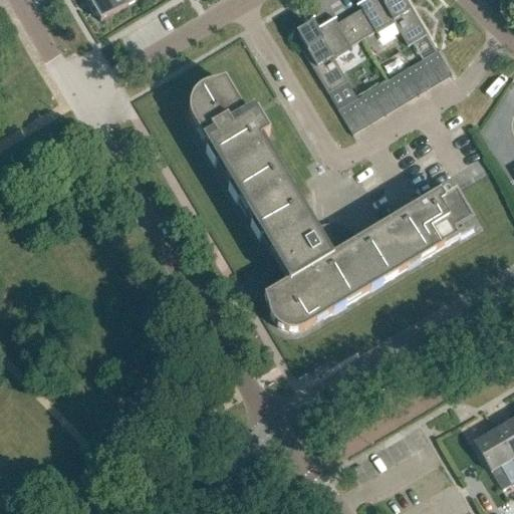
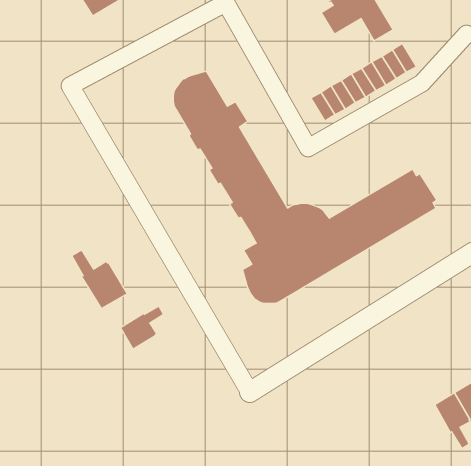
building: [297,14,364,90] -> none
building: none -> [72,250,127,308]
building: none -> [121,306,164,349]

